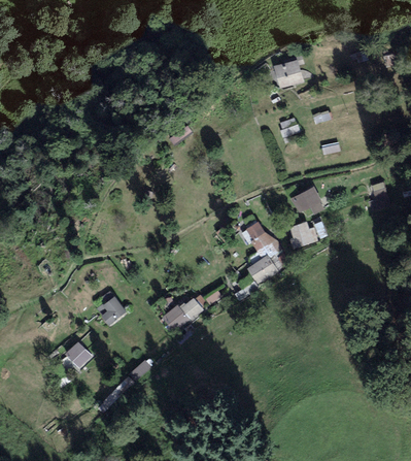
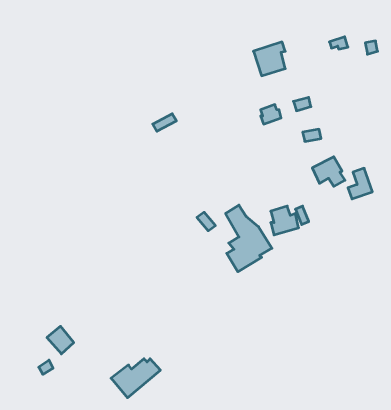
building: [292,186,324,216] -> [312,157,345,186]
building: [97,295,126,325] -> none
building: [160,297,209,336] -> [111,359,160,398]

